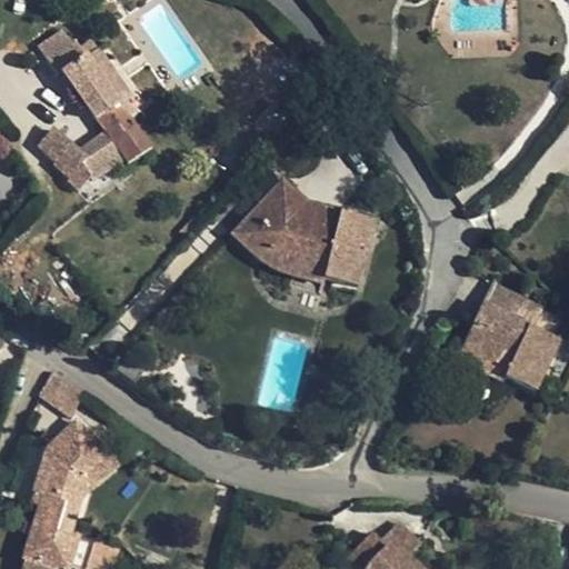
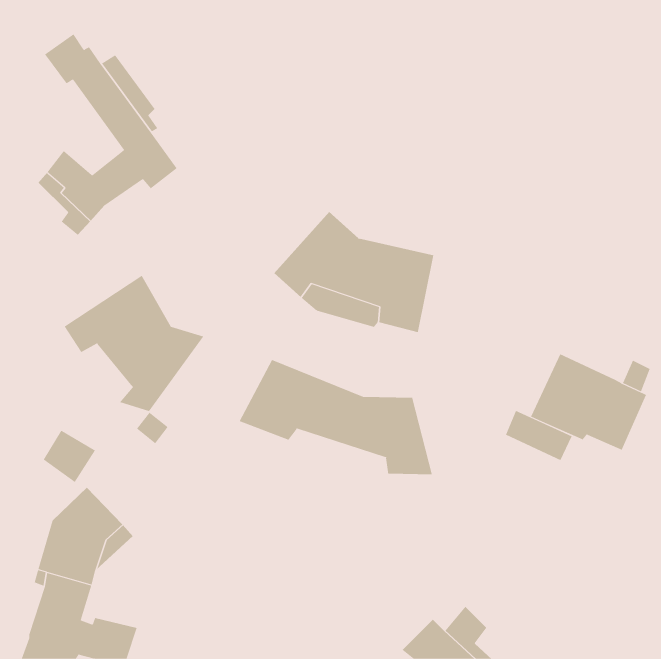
building: none -> [64,275,204,412]
building: [481,282,539,326] -> [505,410,572,461]
building: none -> [239,359,433,475]

